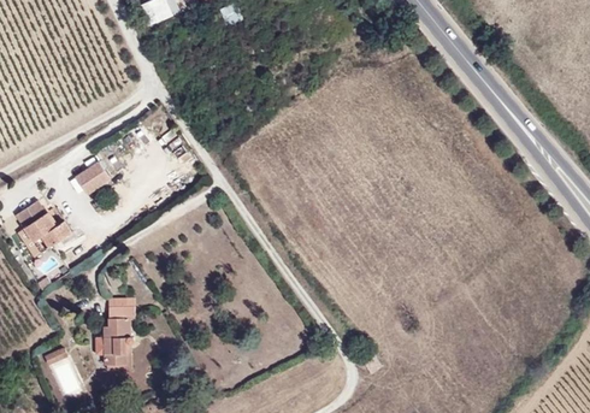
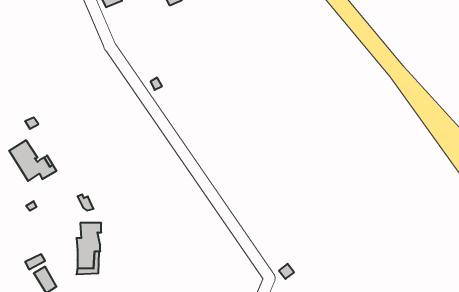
building: [77,159,112,191] -> none

